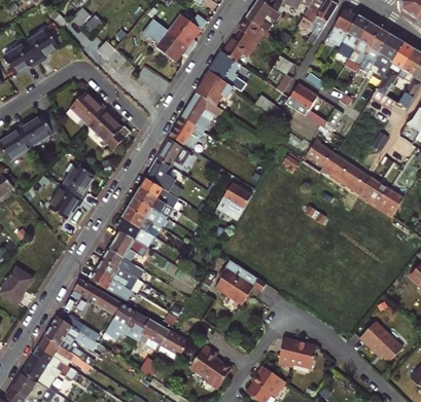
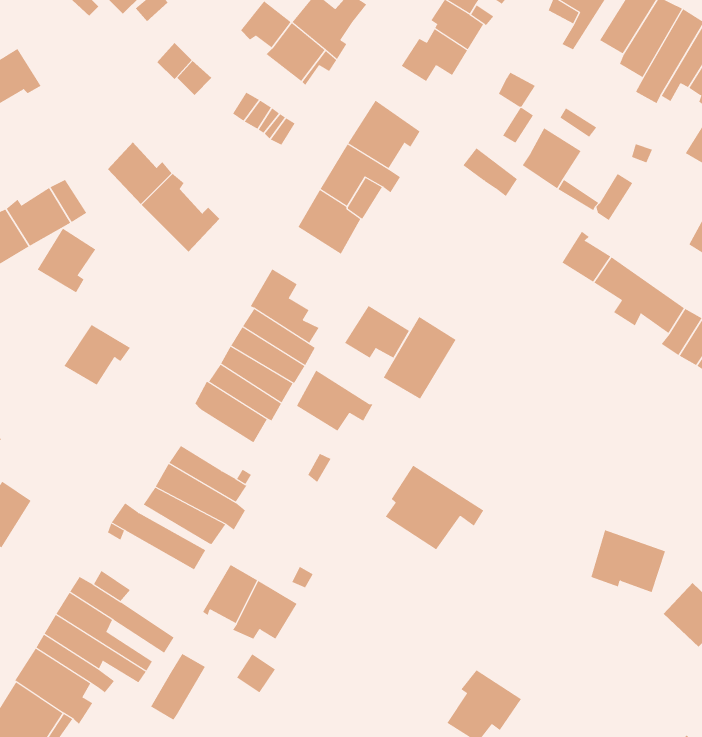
building: [25,30,57,63] -> none
building: [210,51,243,90] -> none
building: [156,138,190,166] -> [344,305,410,359]
building: [63,165,94,198] -> [37,228,96,293]
building: [109,230,149,262] -> [296,370,374,431]
building: [106,303,135,338] -> [150,653,206,721]
building: [159,331,188,361] -> none
building: [277,337,316,370] -> [591,529,666,593]
building: [186,345,231,391] -> none

